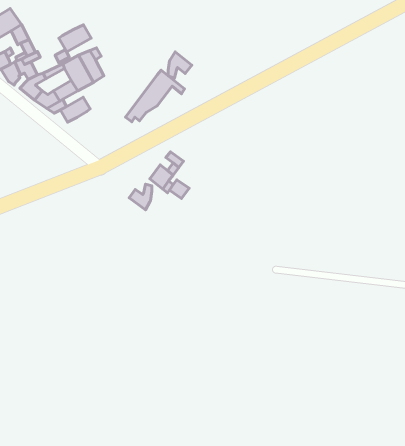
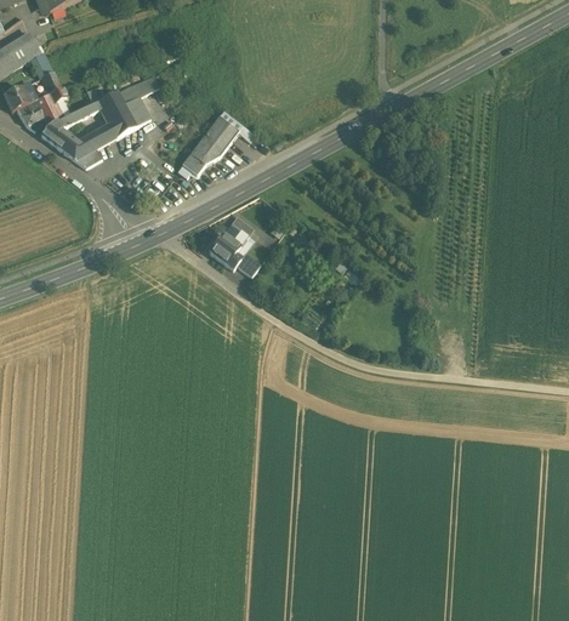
building: [59,25,91,52] -> none
building: [168,52,192,78] -> none
building: [60,97,90,122] -> none
building: [129,184,152,210] -> none

